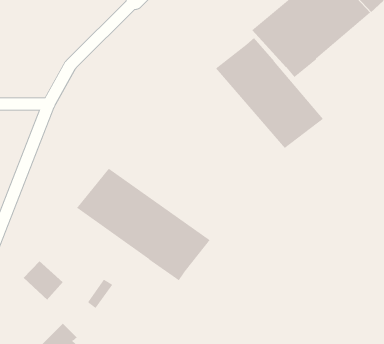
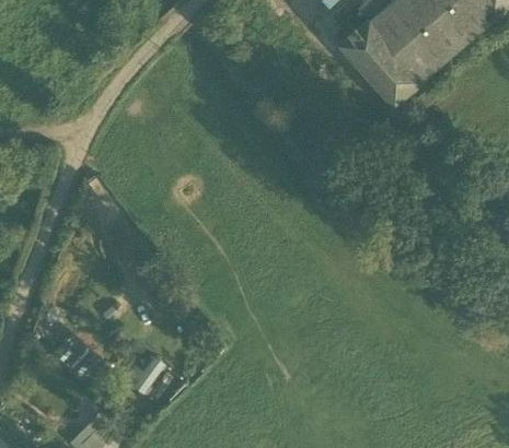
building: [215,37,324,149] -> none
building: [76,168,210,281] -> none

